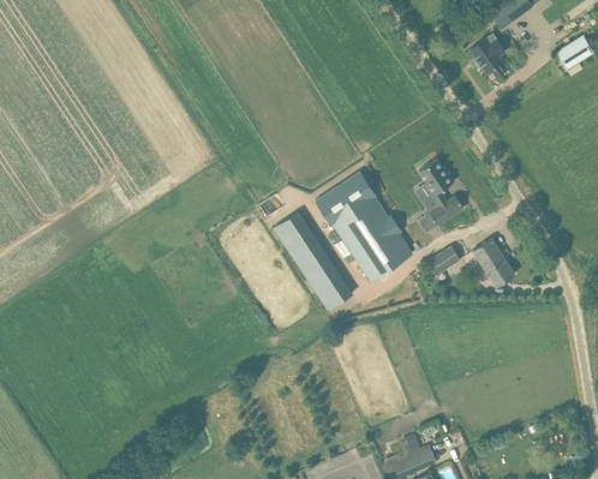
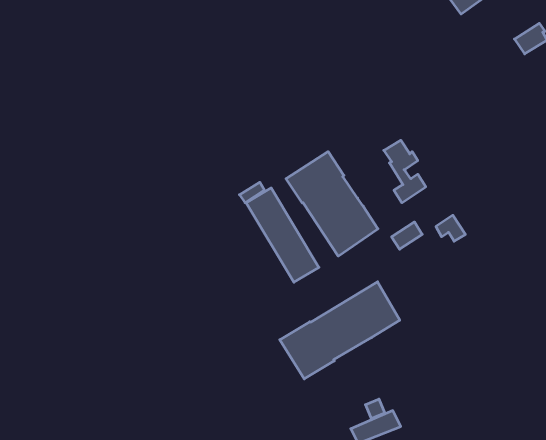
building: [470,36,509,77] -> none
building: [479,257,514,287] -> none
building: none -> [280,282,400,379]

